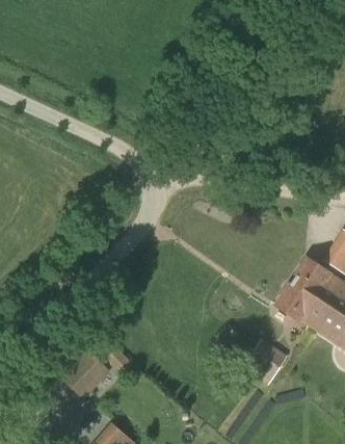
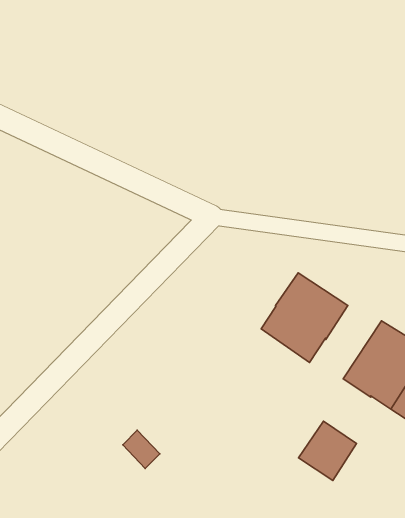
building: none -> [261,273,348,362]
building: [60,348,108,396] -> none

